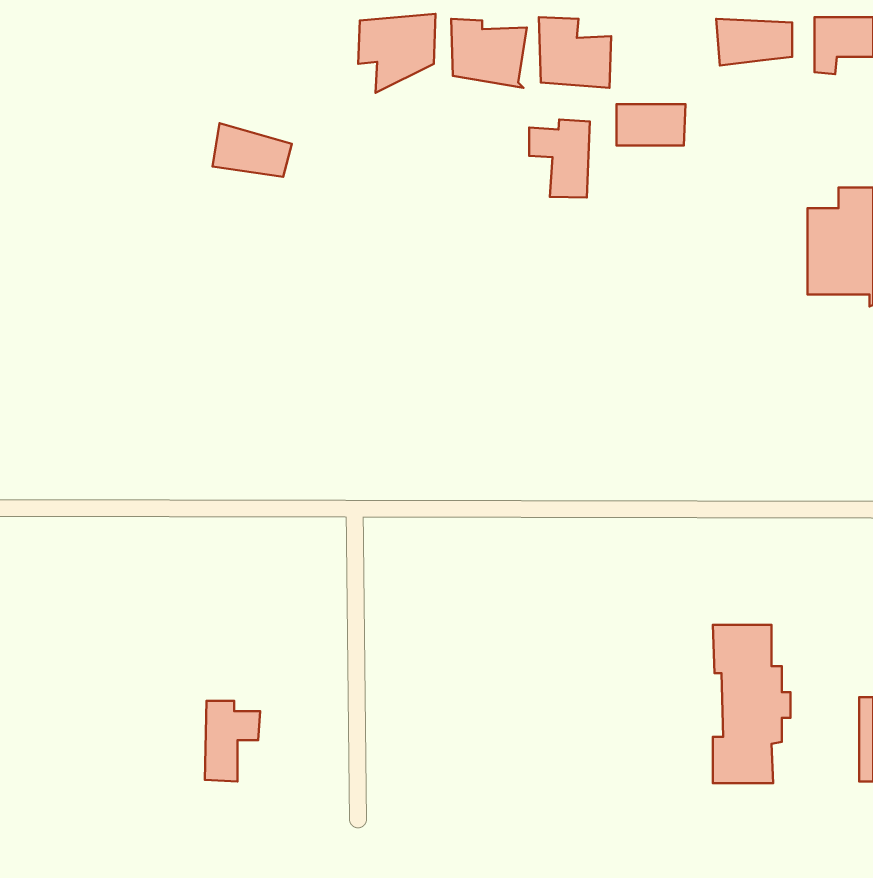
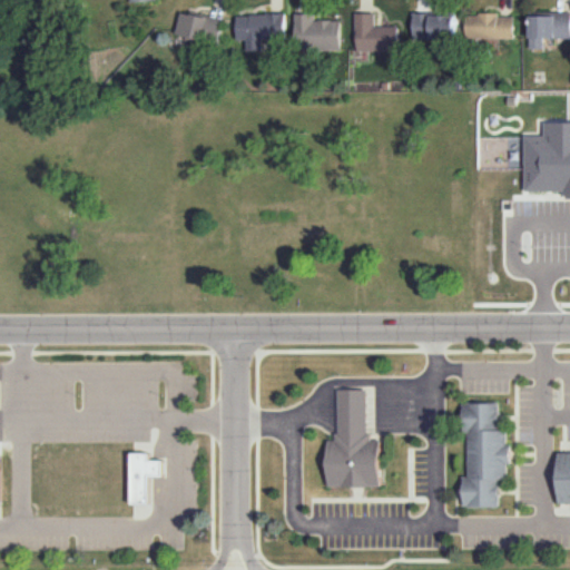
building: [617,104,686,146] -> [409,12,453,39]
building: [529,120,590,198] -> none
building: [213,123,292,177] -> [170,9,222,43]
building: none -> [327,393,381,489]

